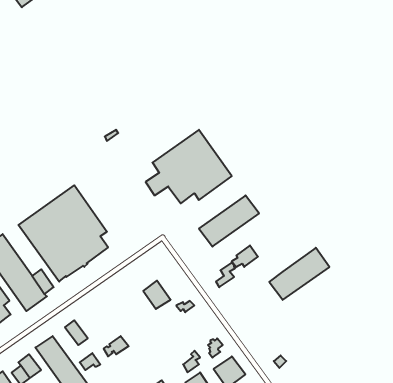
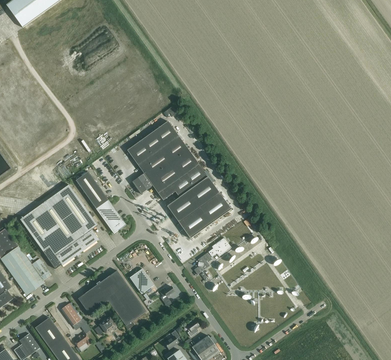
building: none -> [127,121,179,165]
building: none -> [76,172,126,234]
building: [269,248,329,300] -> [167,177,220,223]
building: none -> [78,271,146,326]

